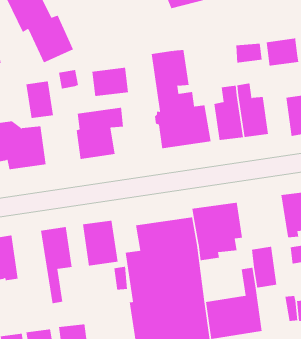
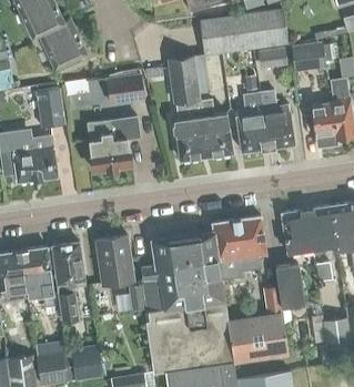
building: none -> [200,9,287,55]
building: none -> [281,210,313,254]
building: none -> [21,248,54,298]

